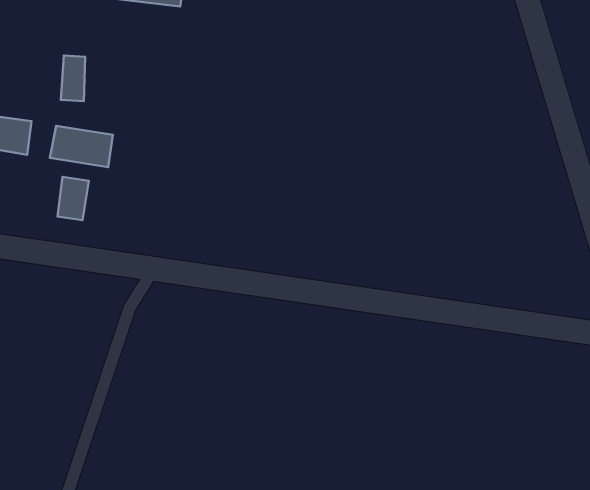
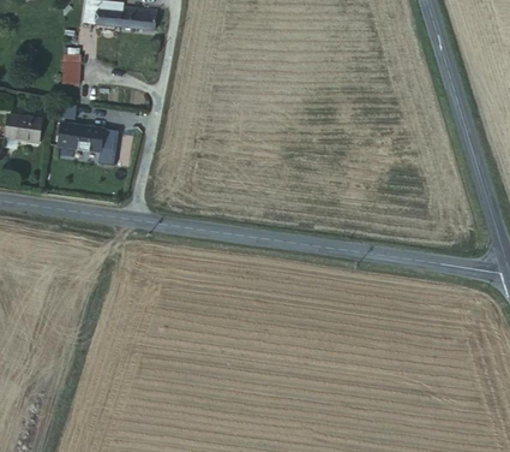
building: [57,177,89,220] -> none

